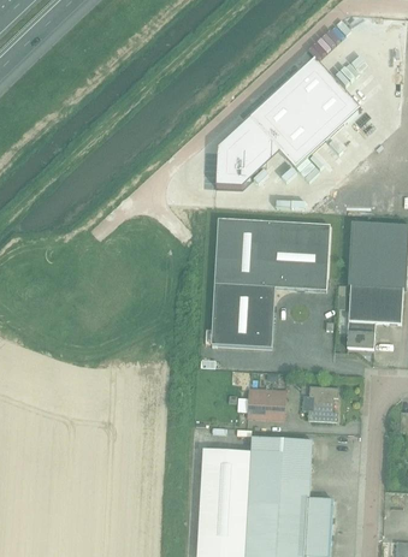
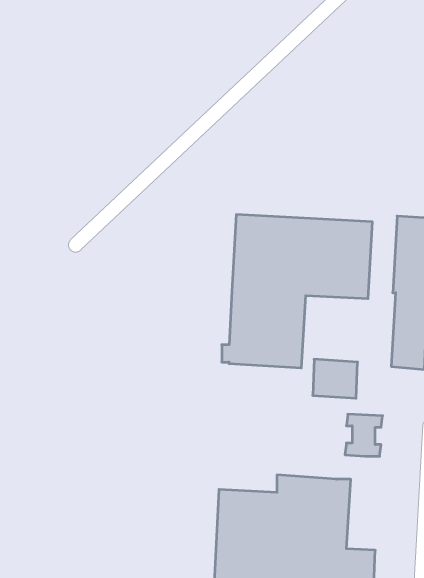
building: [218,60,361,185] -> none
building: [248,386,285,419] -> [313,359,358,398]

